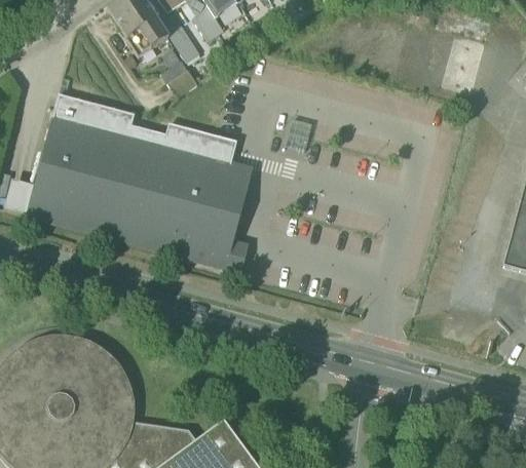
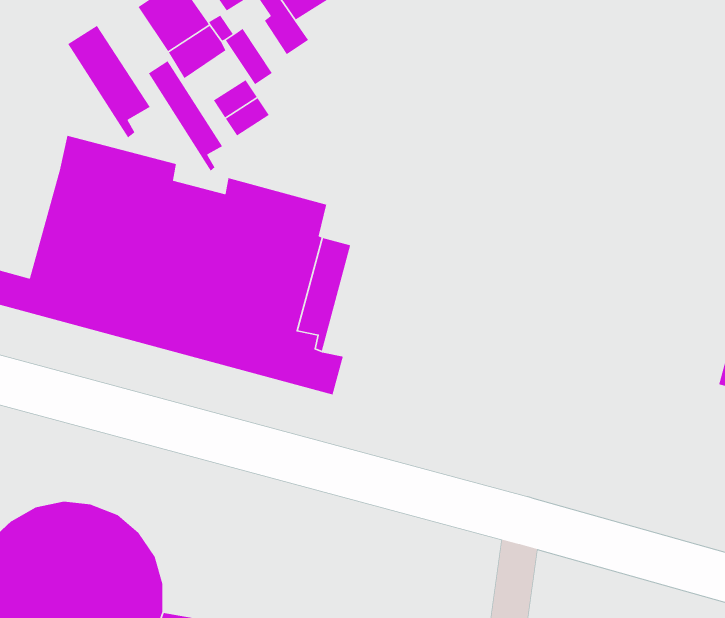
building: none -> [67,25,151,139]
building: none -> [148,60,223,172]

